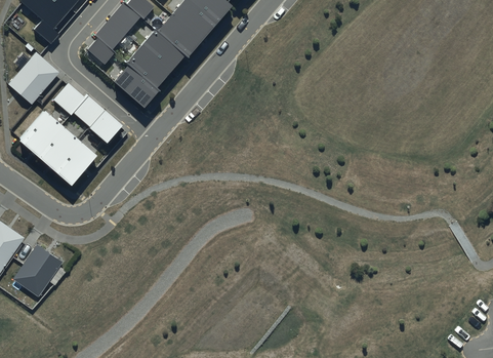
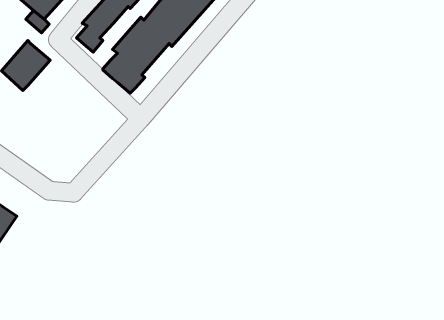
building: [52,82,122,143] -> none
building: [18,111,96,186] -> none
building: [12,244,61,296] -> none

